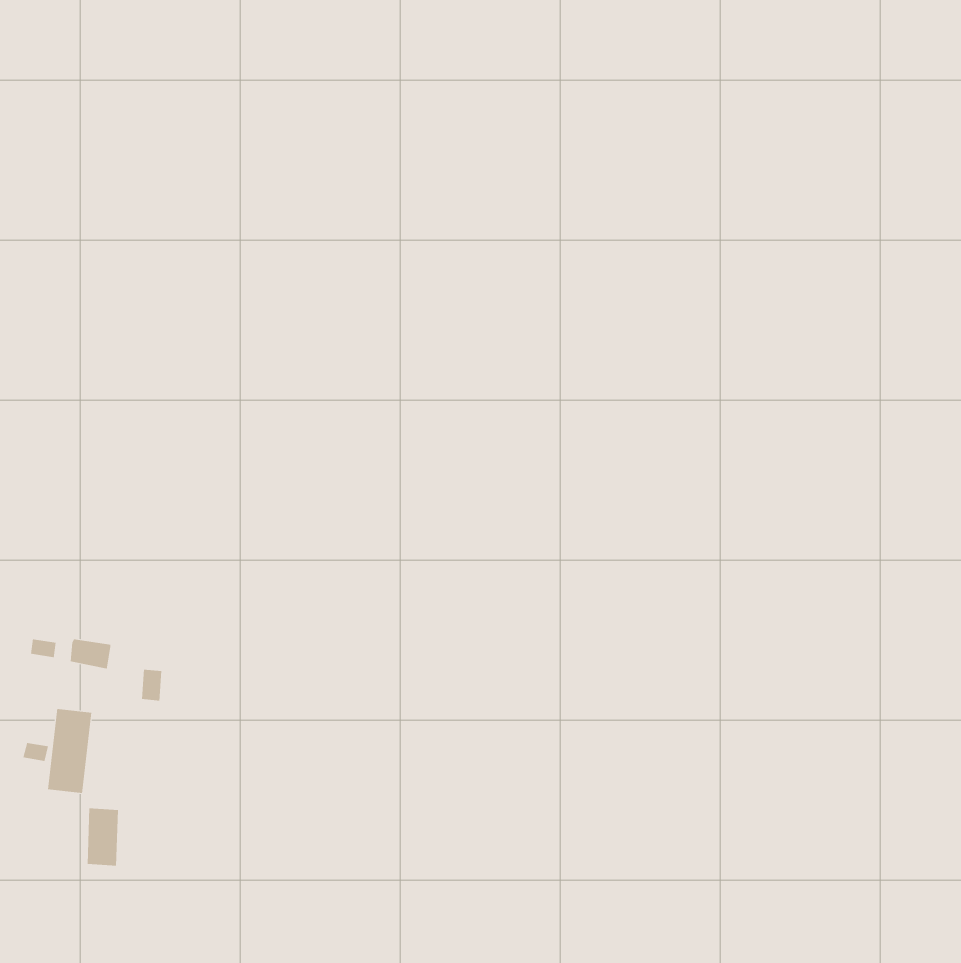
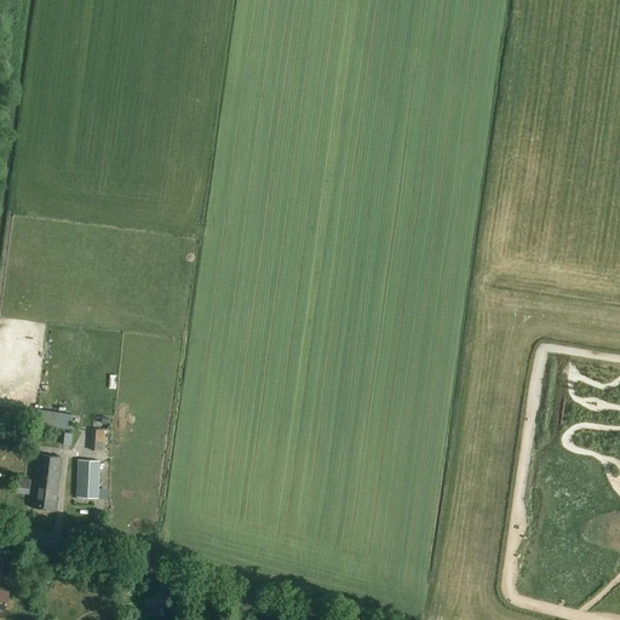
building: [87,808,119,866] -> [79,460,99,498]

